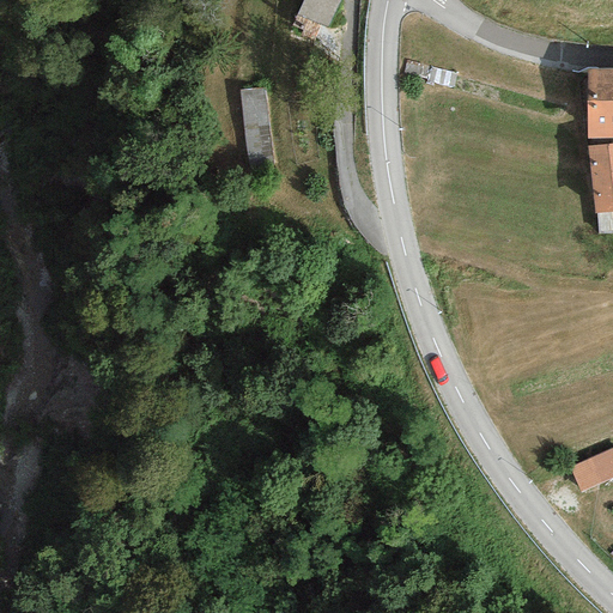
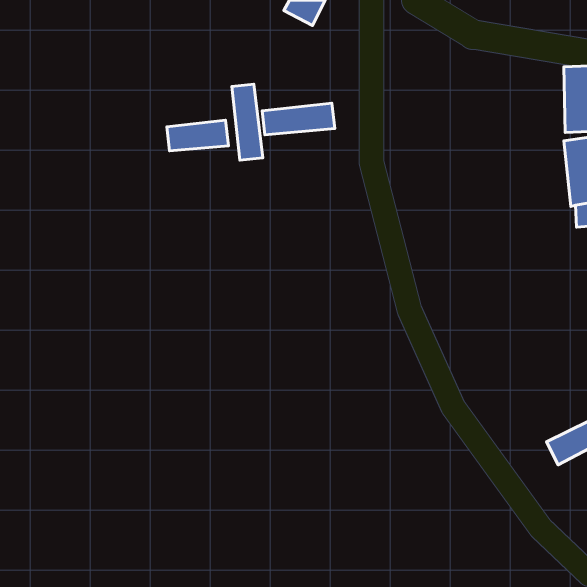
building: none -> [262,103,335,135]
building: none -> [167,120,229,151]

